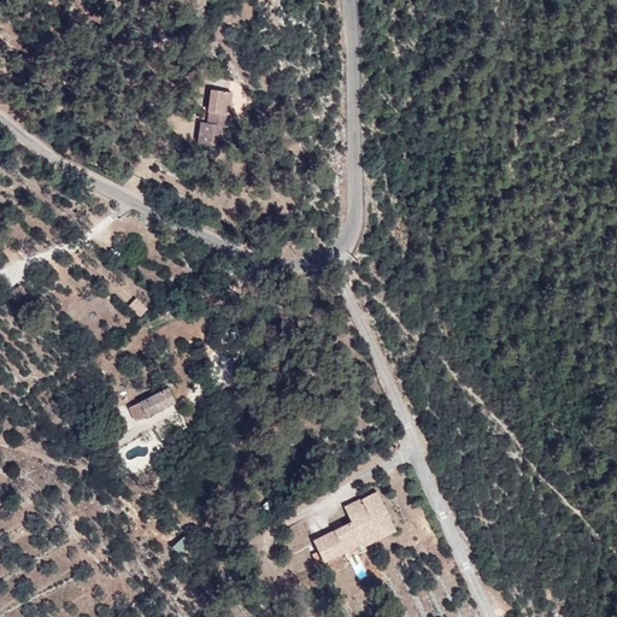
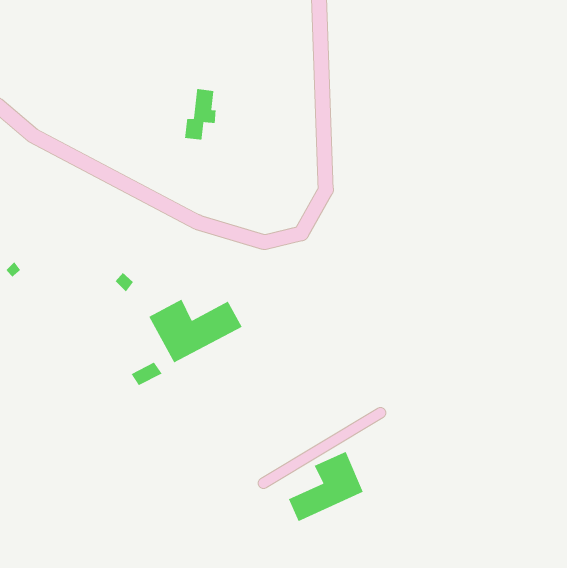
building: none -> [148,298,243,363]

